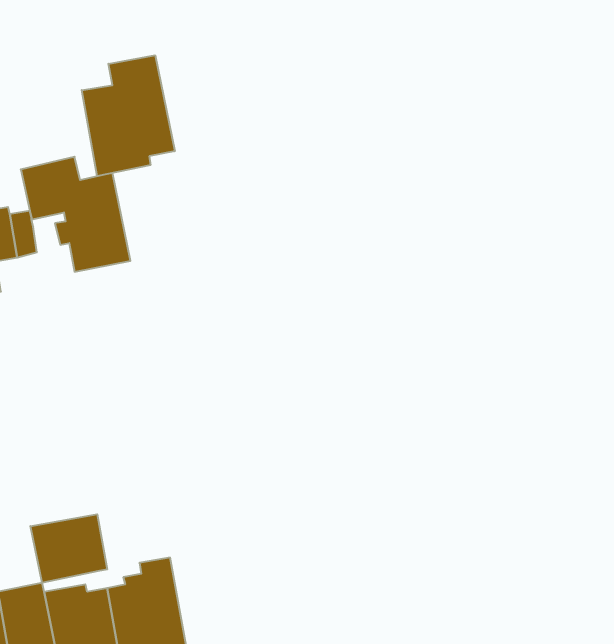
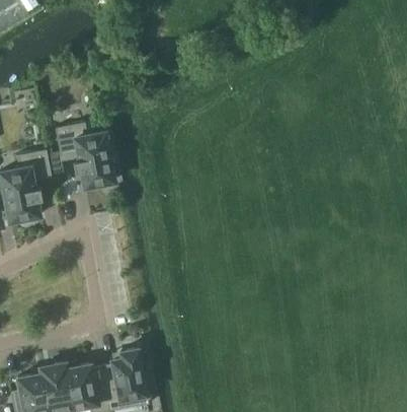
building: [82,55,175,176] -> none
building: [30,514,107,583] -> none

